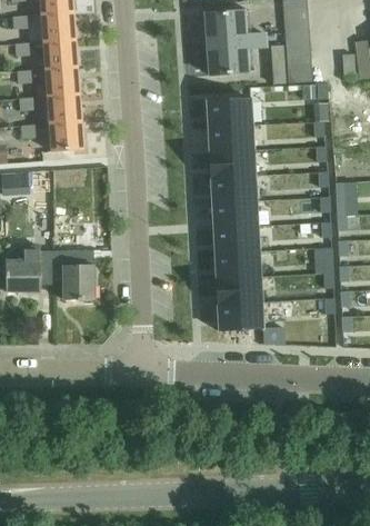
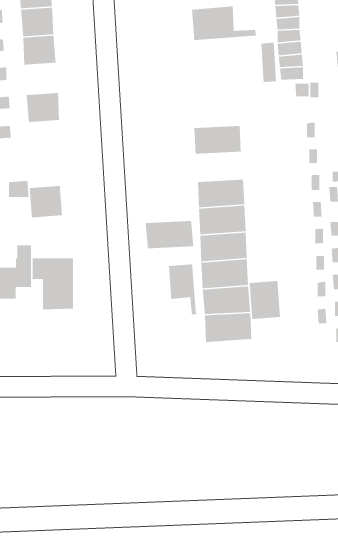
building: [207,40,267,75] -> none
building: [46,66,79,96] -> none
building: [206,98,251,127] -> none
building: [50,120,82,151] -> [29,185,63,218]
building: [208,150,254,178] -> [145,220,194,249]
building: none -> [168,264,197,315]
building: none -> [249,280,281,320]

